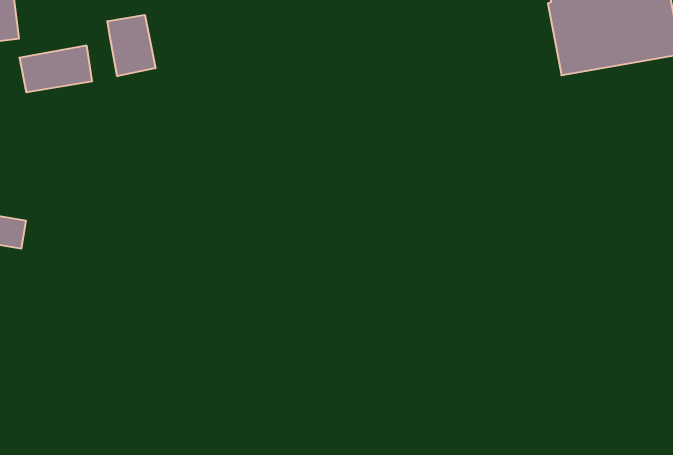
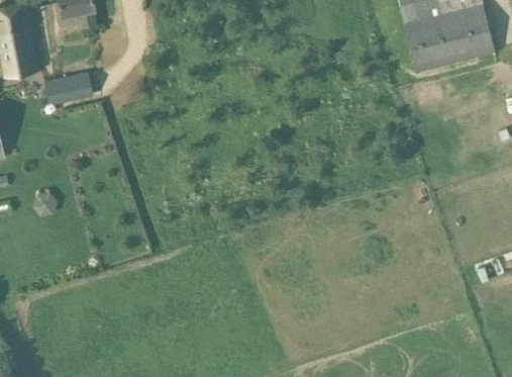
building: [107,15,155,76] -> none

